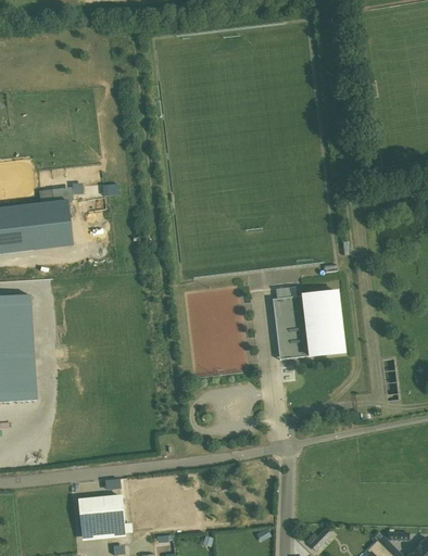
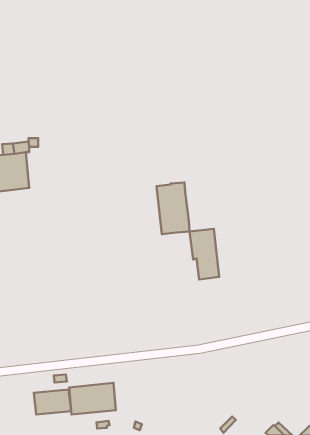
building: [303,291,344,355] -> [157,183,190,234]
building: none -> [69,383,116,415]

